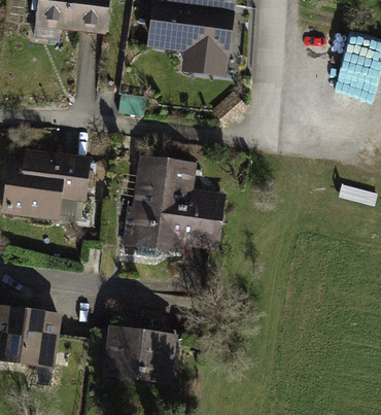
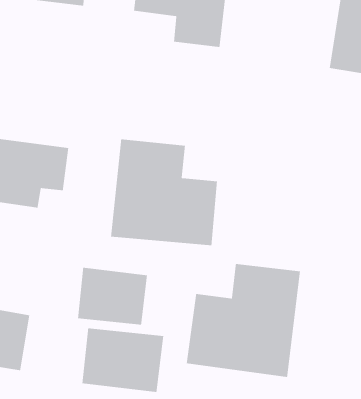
building: none -> [186,263,301,378]
building: none -> [77,267,148,325]

